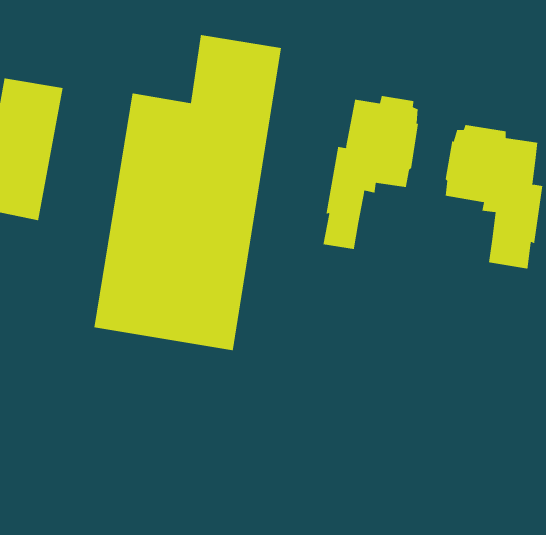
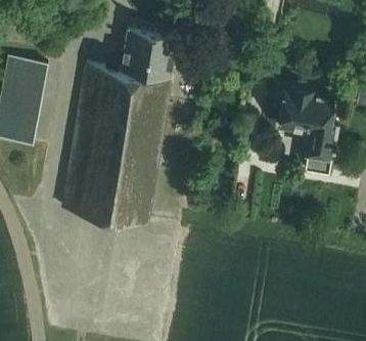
building: [323,95,418,250] -> none

